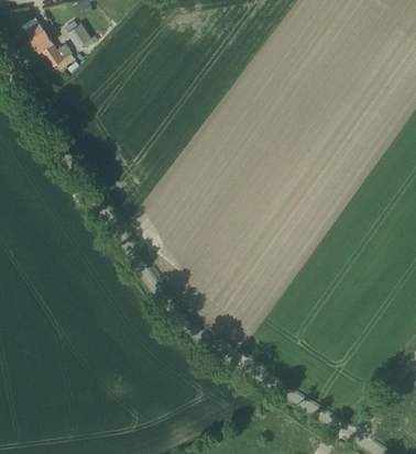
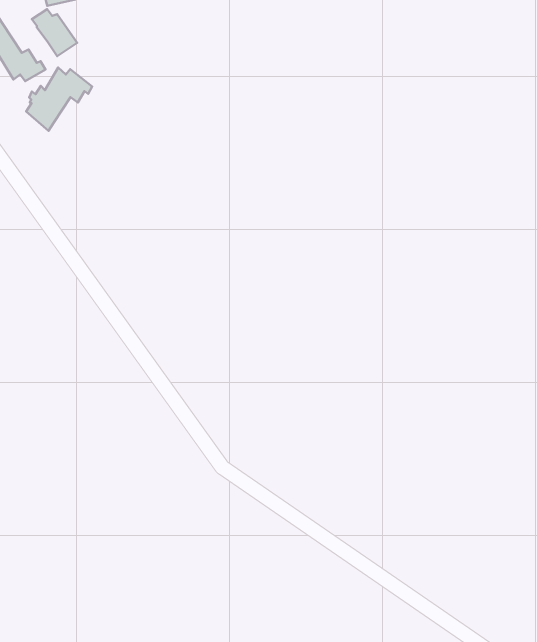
building: none -> [26,68,92,131]

